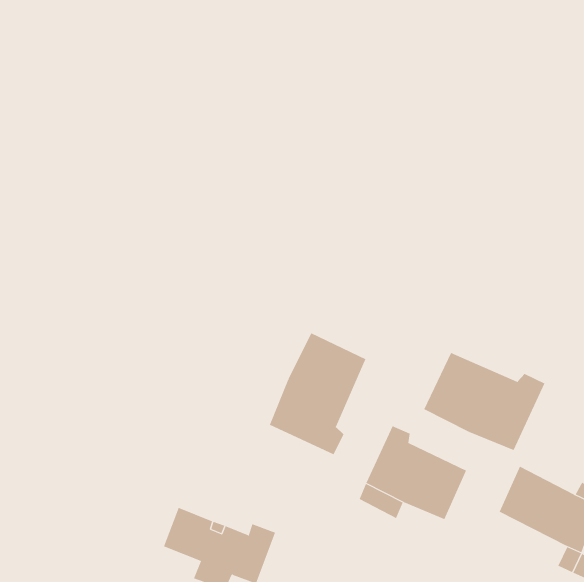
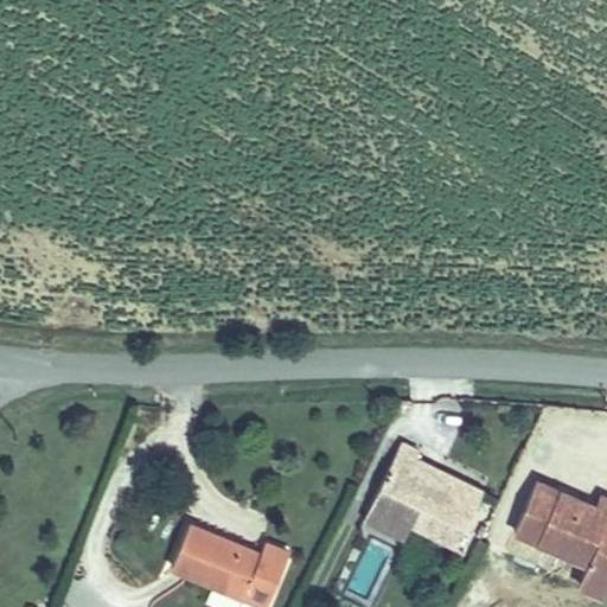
building: [269,333,366,455] -> none
building: [423,352,545,451] -> none

